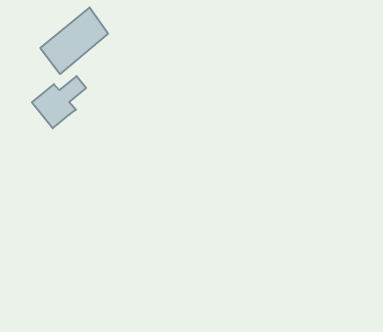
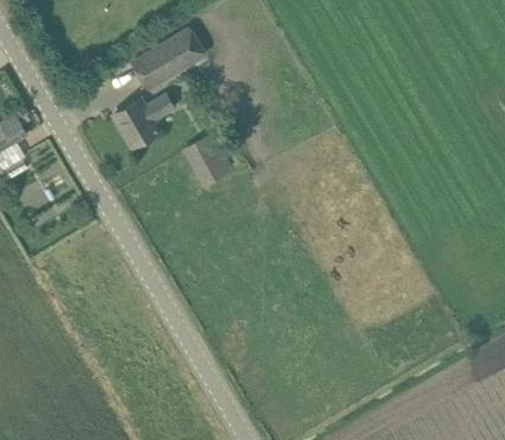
building: none -> [183,137,226,185]

